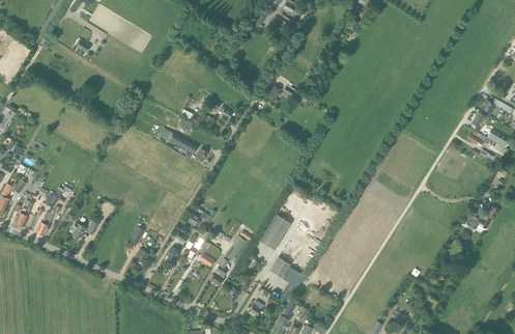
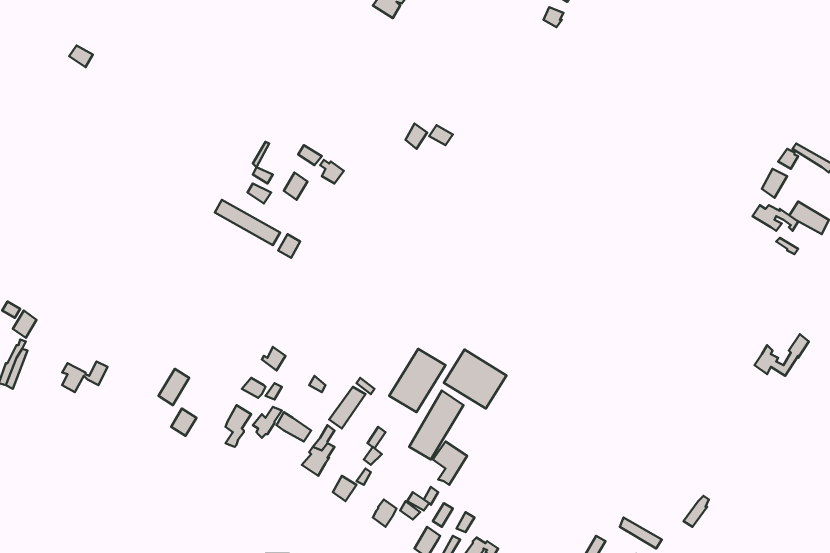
building: none -> [444,350,507,409]

